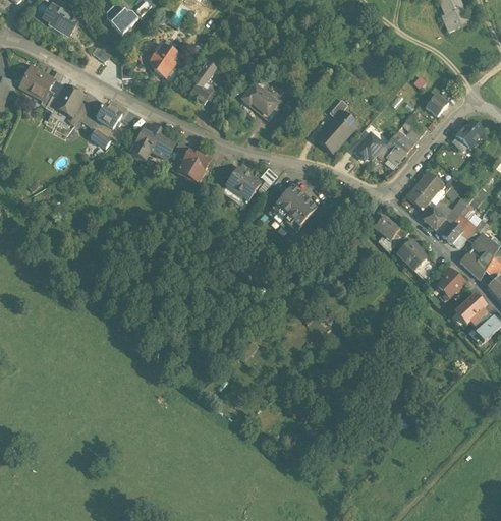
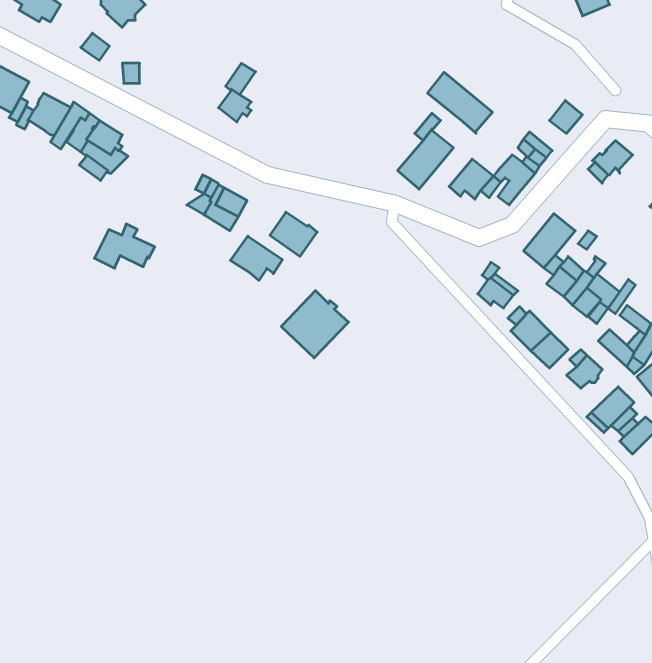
building: [151,46,176,79] -> none
building: none -> [428,72,492,133]
building: [240,84,277,115] -> none
building: [131,128,174,160] -> [94,224,155,268]
building: none -> [230,236,282,280]
building: [269,186,317,234] -> [281,291,349,358]

